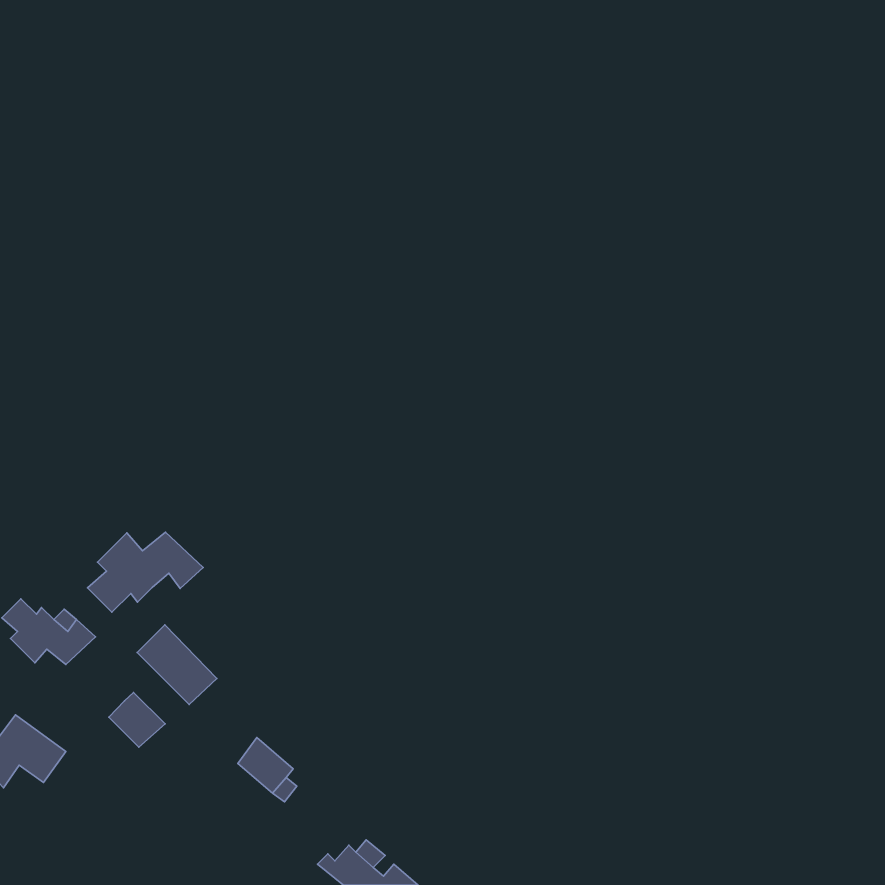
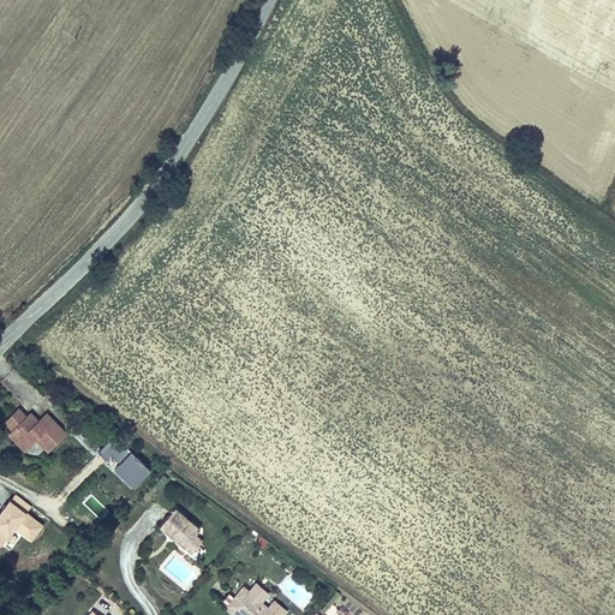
building: [87,532,203,612] -> none
building: [109,692,165,747] -> none

